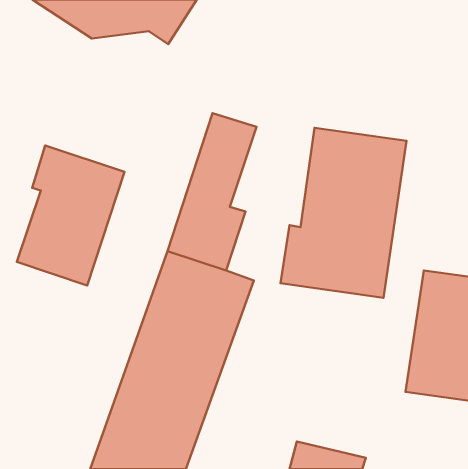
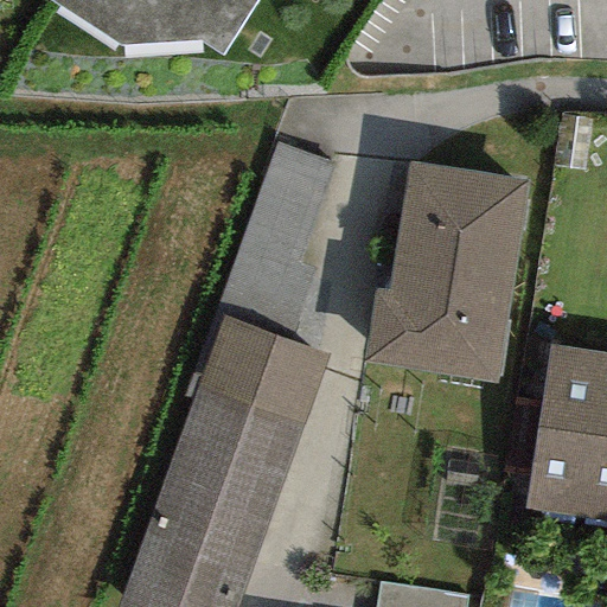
building: [17,146,124,285] -> none

